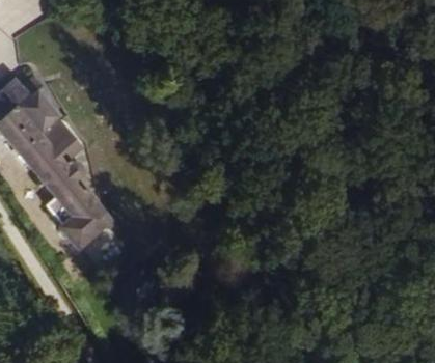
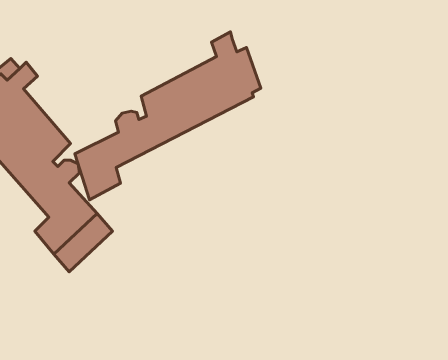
building: none -> [75,32,261,200]

